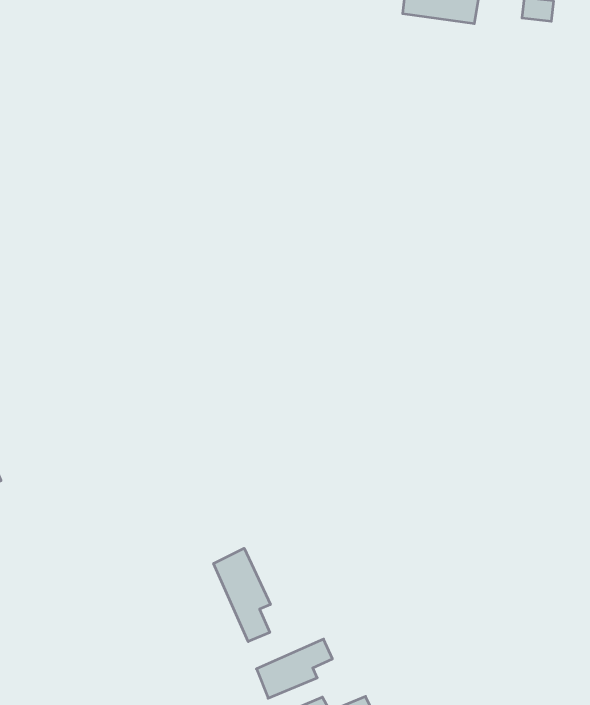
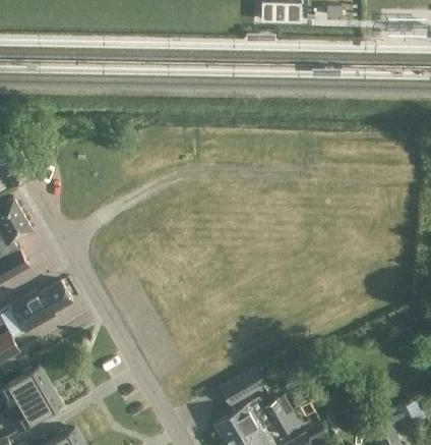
building: [214,548,270,642] -> none

